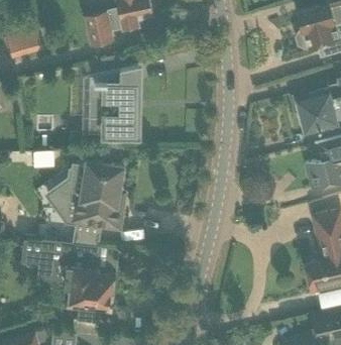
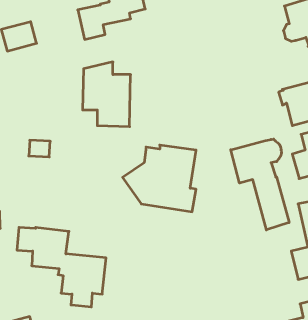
building: none -> [231,139,289,230]
building: [48,161,124,230] -> [123,145,196,212]

